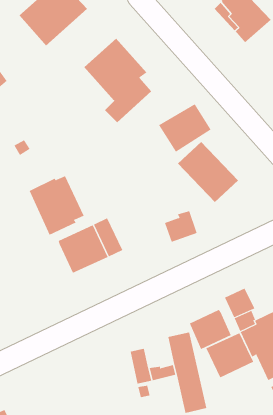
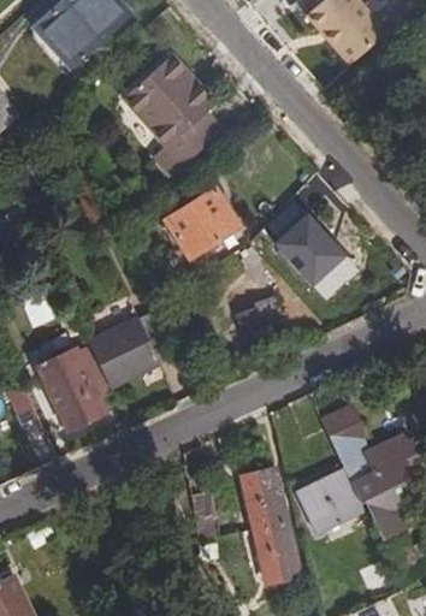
building: [158,104,211,153] -> [165,188,239,256]
building: [29,175,84,235] -> [39,344,117,428]
building: [189,309,231,350] -> none

